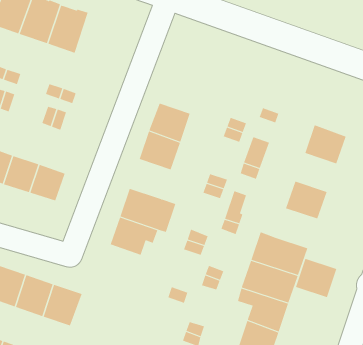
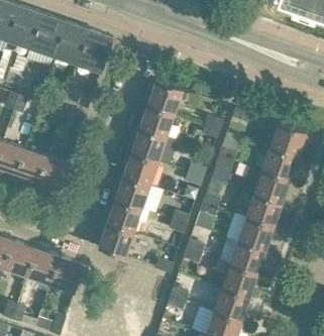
building: none -> [78,30,113,73]
building: none -> [148,82,183,115]
building: none -> [262,148,298,181]
building: none -> [123,153,158,187]
building: none -> [99,225,133,259]
building: [295,258,337,298] -> [246,195,282,228]

